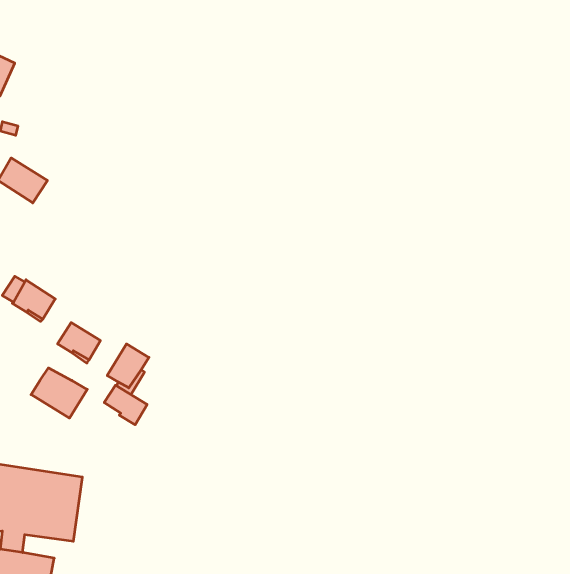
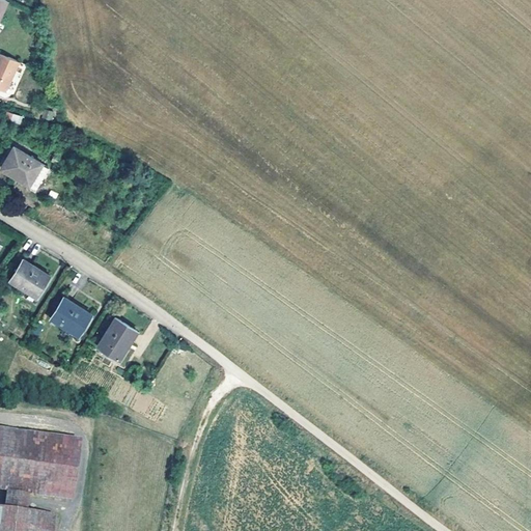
building: [31,368,87,418] -> none
building: [104,385,147,425] -> none

